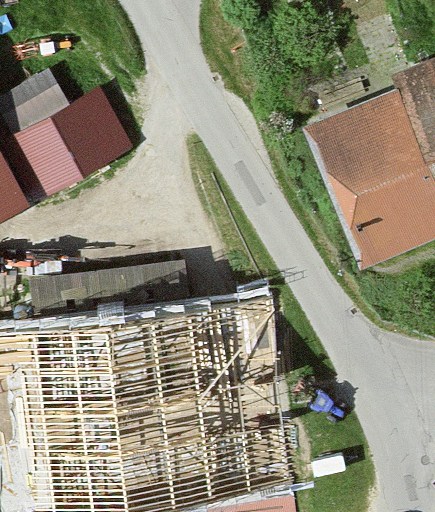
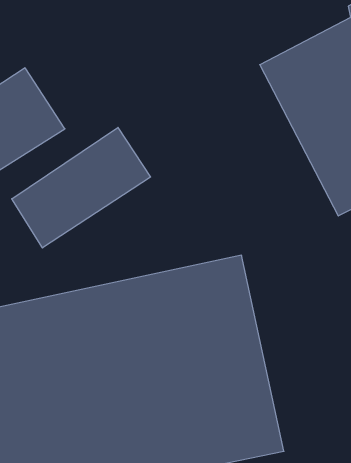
building: none -> [12,127,151,248]

